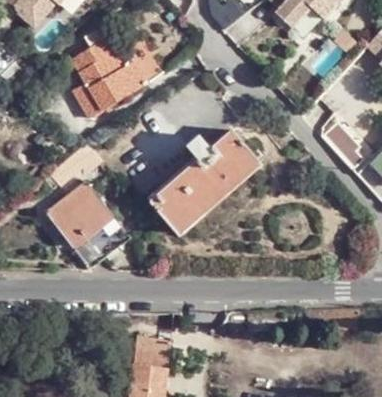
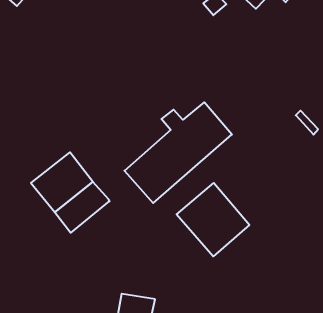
building: [74,41,151,120] -> none
building: none -> [177,183,249,256]

